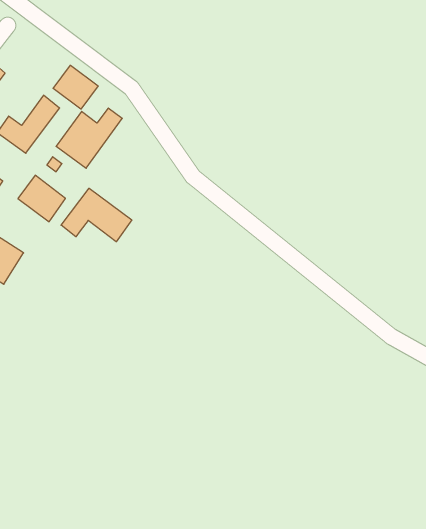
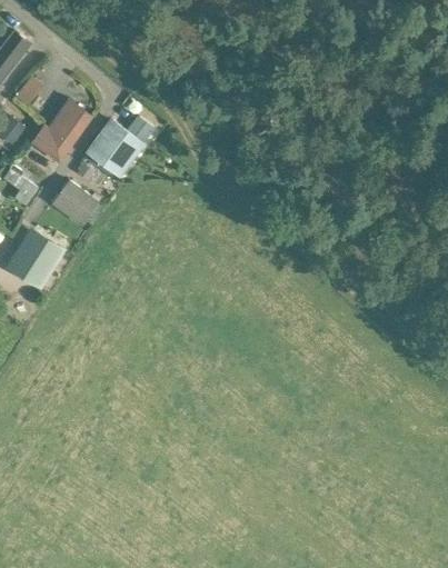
building: [53,65,98,109] -> none
building: [61,188,132,242] -> none

